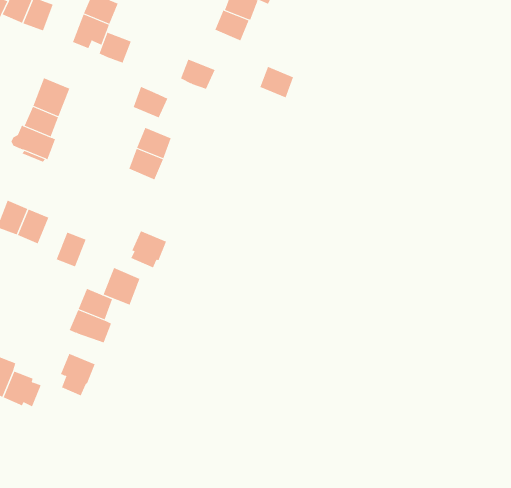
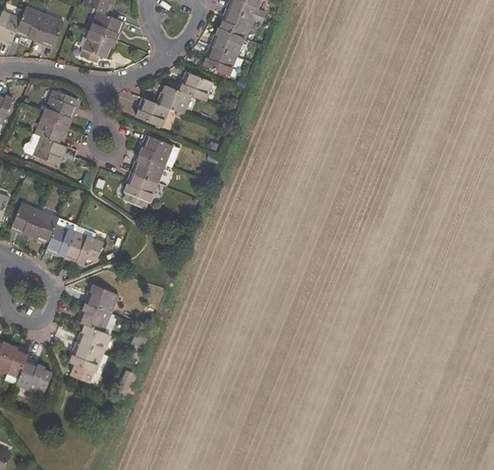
building: [99,32,131,63] -> none
building: [260,66,294,98] -> [205,45,236,74]
building: none -> [158,83,190,113]
building: none -> [46,218,77,256]
building: [130,231,167,268] -> [123,173,157,208]
building: [103,267,140,305] -> none
building: none -> [77,325,110,353]

